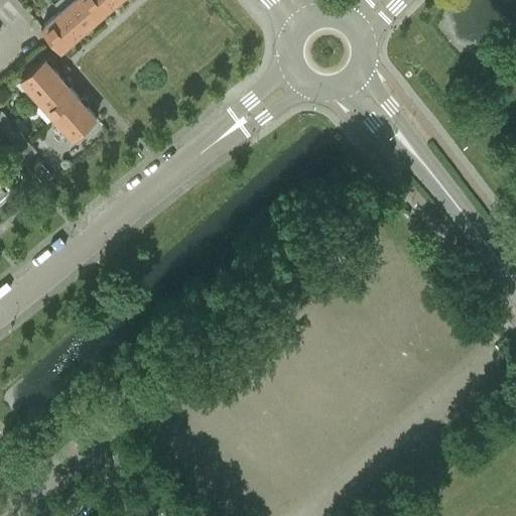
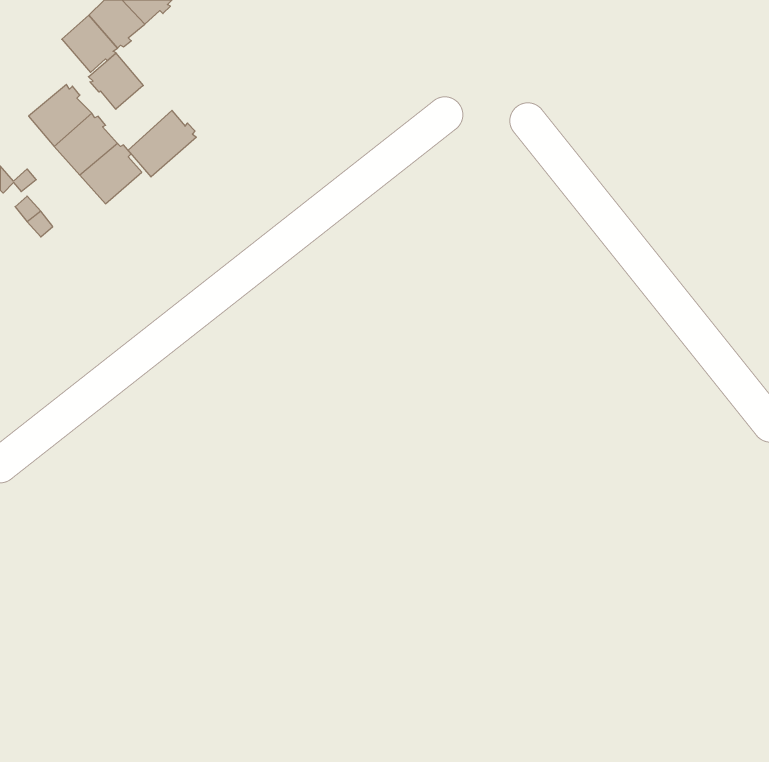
building: none -> [88,53,143,109]
building: none -> [128,110,196,177]

